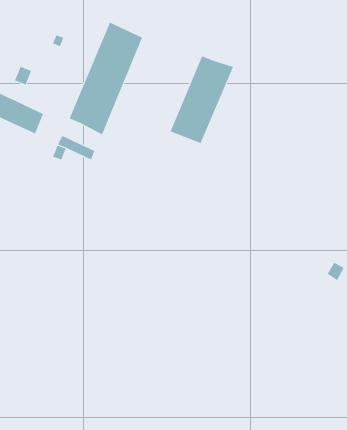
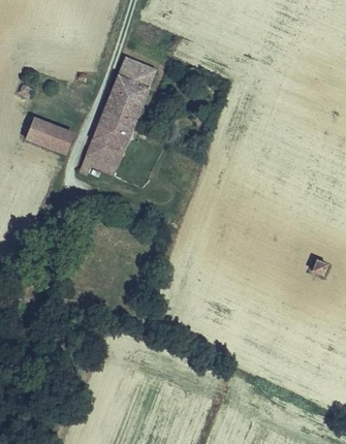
building: [170,55,234,144] -> none
building: none -> [87,138,122,166]

